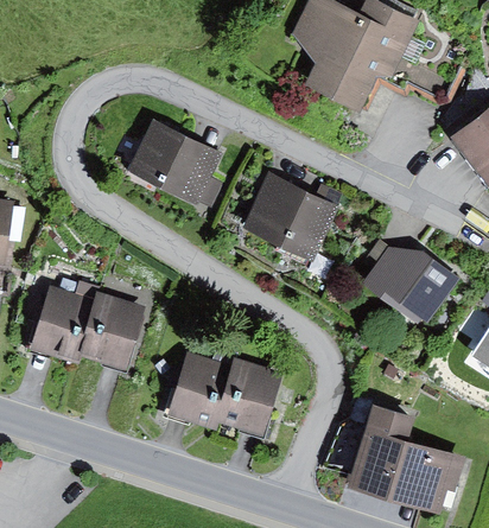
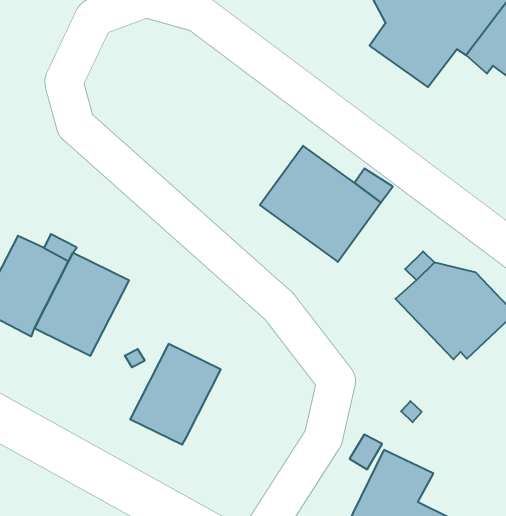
building: [127,119,223,206] -> none
building: [214,356,281,435] -> none

